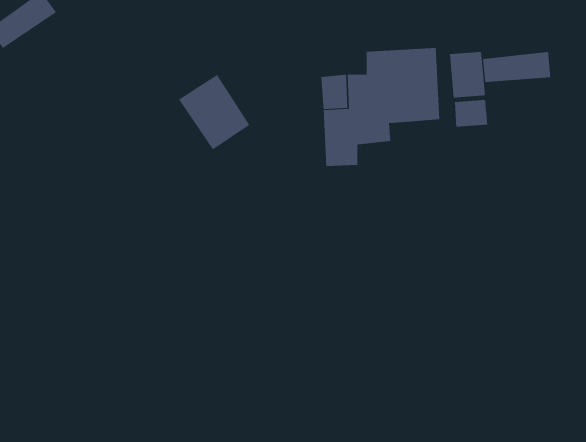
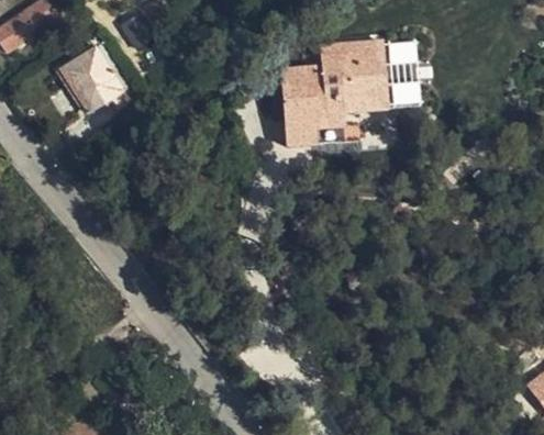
building: [483,51,551,83] -> none
building: [178,74,250,150] -> [58,46,121,112]

